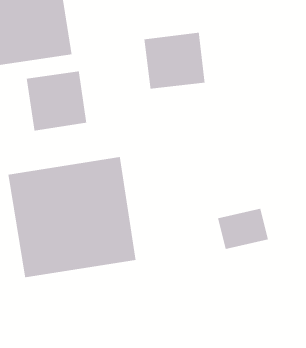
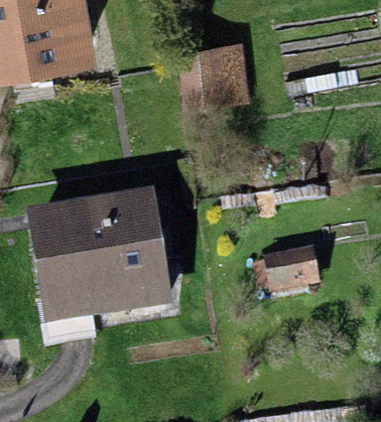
building: [26,71,87,132] -> none

